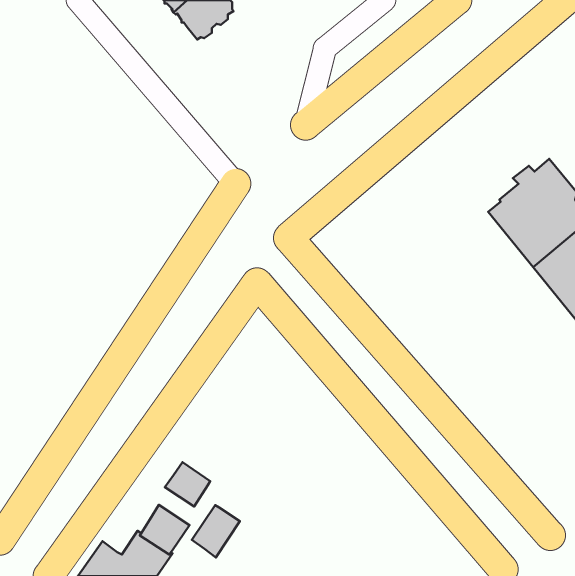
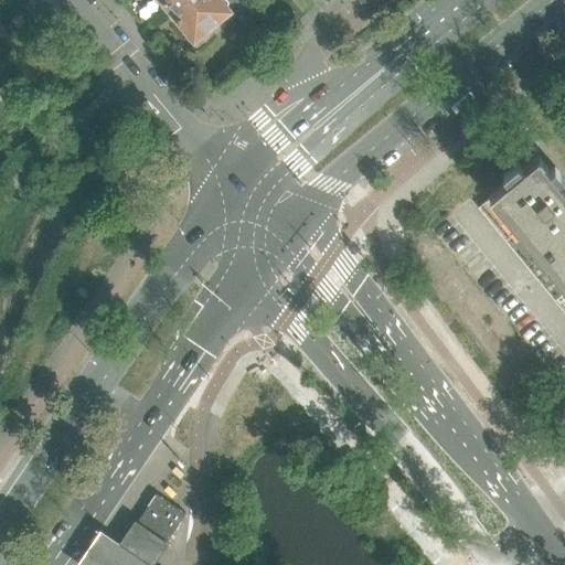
building: [165,462,210,506] -> none
building: [192,505,240,557] -> none

